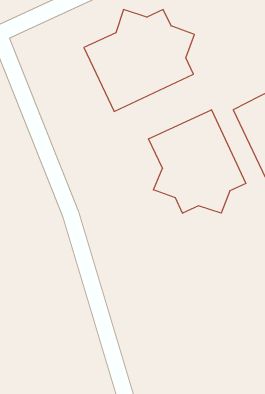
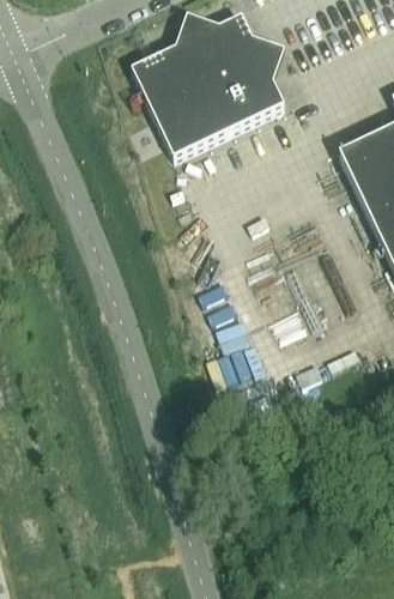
building: [149,110,246,213] -> none

